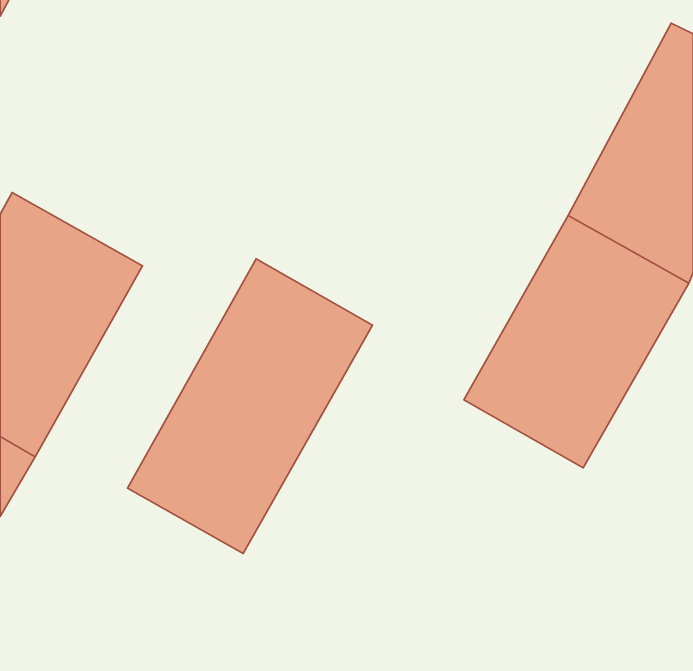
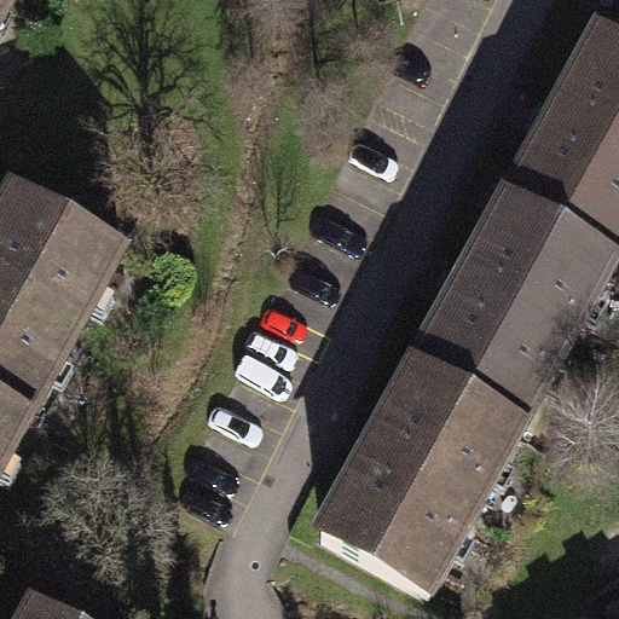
building: [128,259,372,553] -> none
building: none -> [319,357,520,582]

